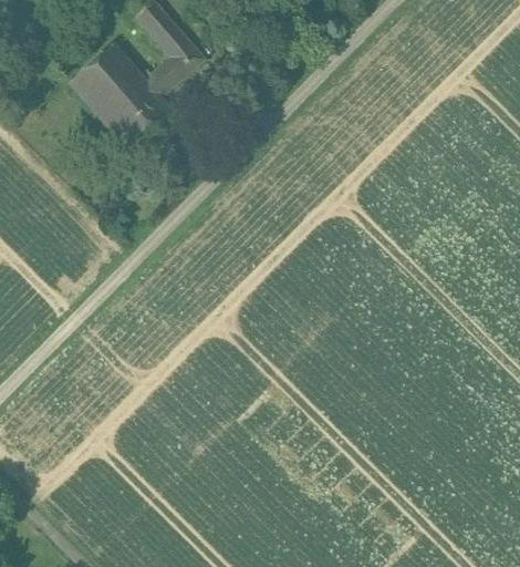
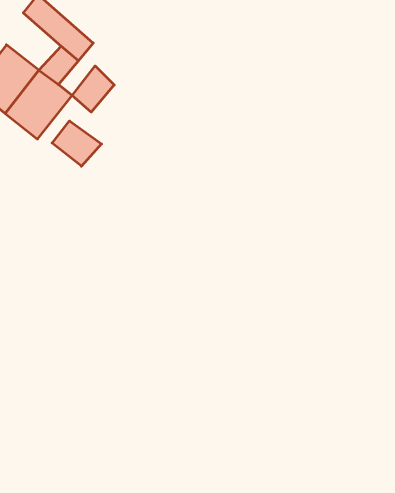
building: none -> [72,66,114,112]
building: none -> [52,121,102,166]

